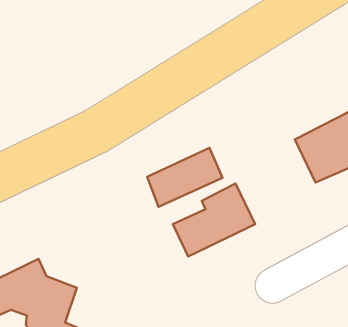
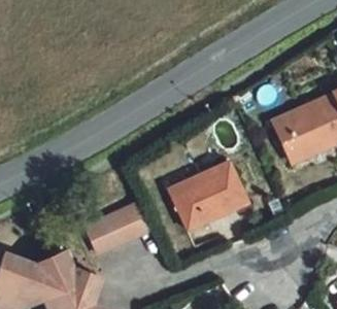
building: [147,148,222,207] -> [87,200,154,252]

